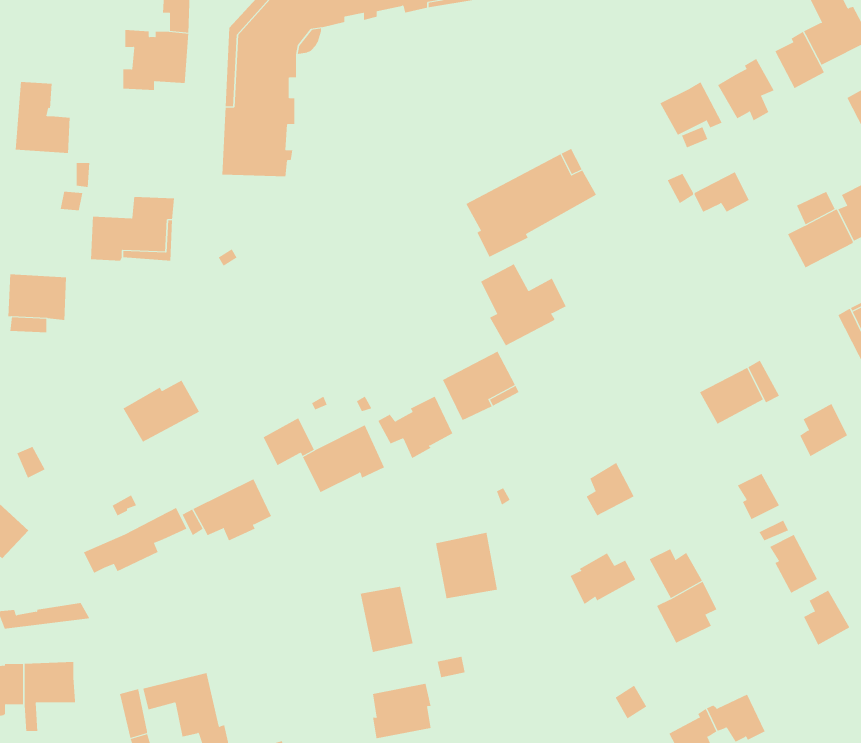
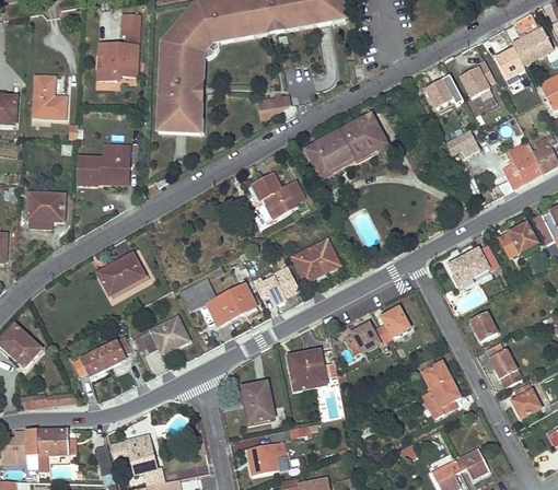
building: none -> [258,95,290,120]
building: [480,263,566,346] -> [252,172,304,222]
building: [799,403,848,457] -> [507,222,536,255]
building: [570,553,636,605] -> [346,323,386,354]

